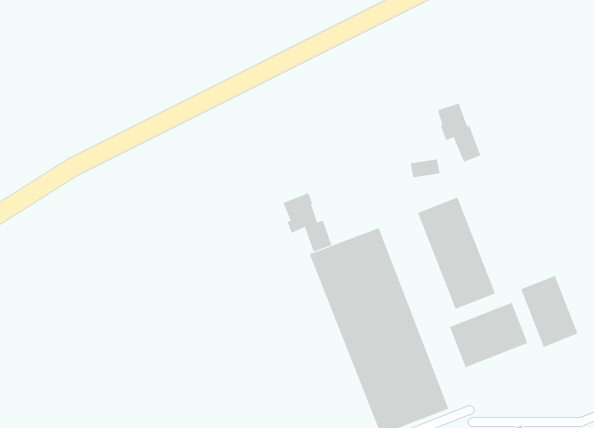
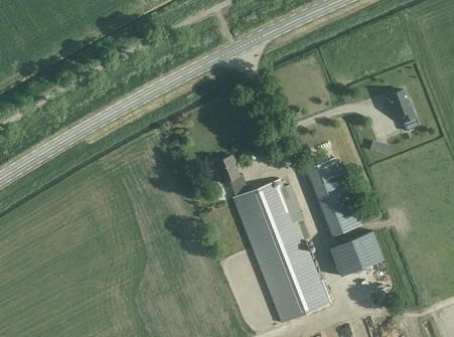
building: [437,103,481,163] -> [389,91,419,132]
building: [520,275,578,348] -> none

